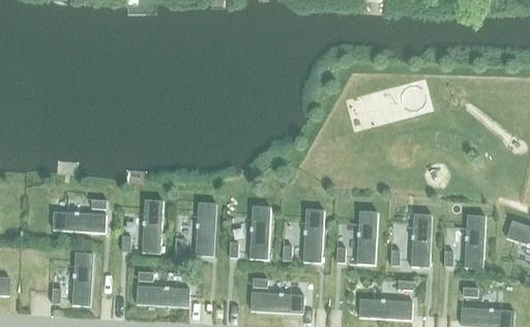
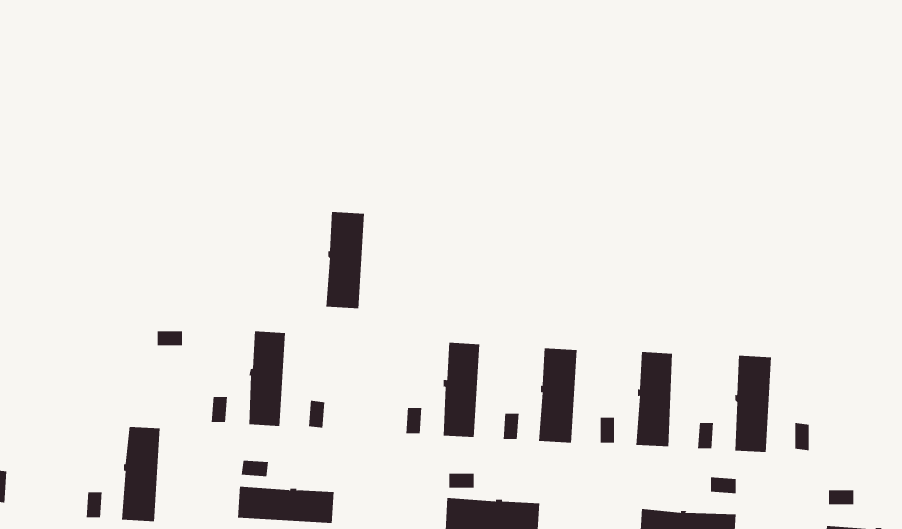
building: [195,201,216,255] -> [325,212,365,309]
building: [53,210,106,231] -> none
building: [464,213,484,267] -> none

